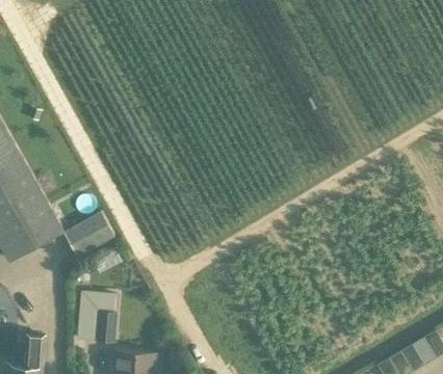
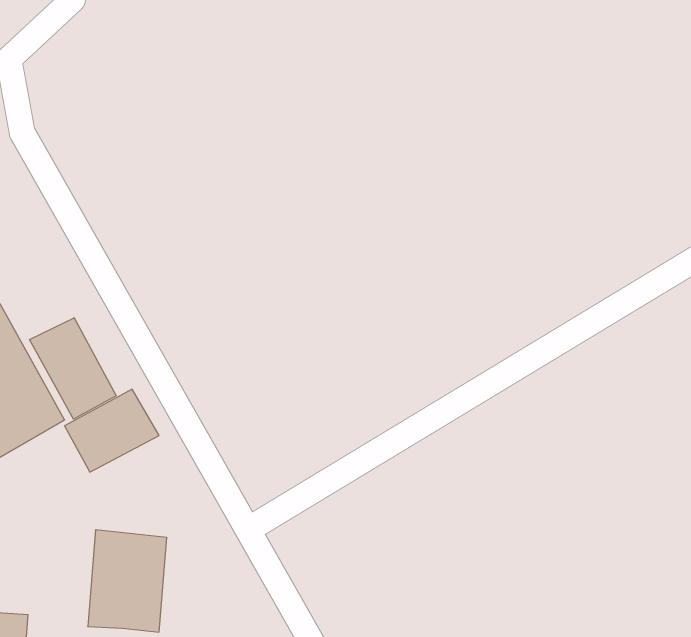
building: none -> [30,318,116,419]

